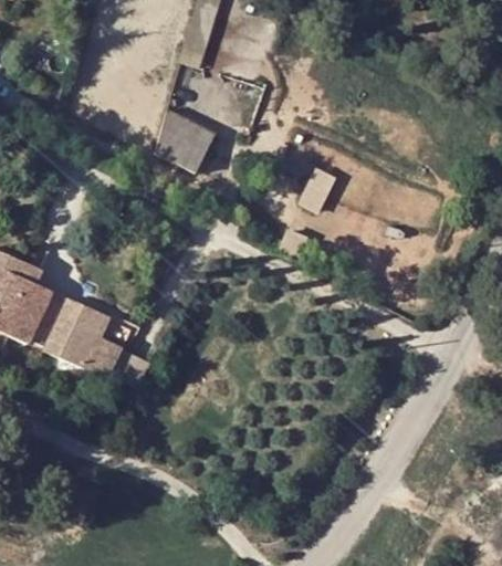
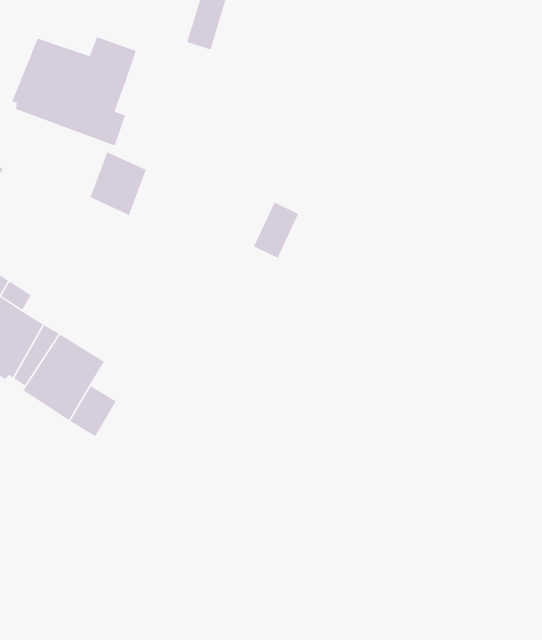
building: none -> [11,36,137,147]
building: [151,116,199,170] -> [90,151,147,216]
building: [297,165,336,212] -> [253,202,299,259]

